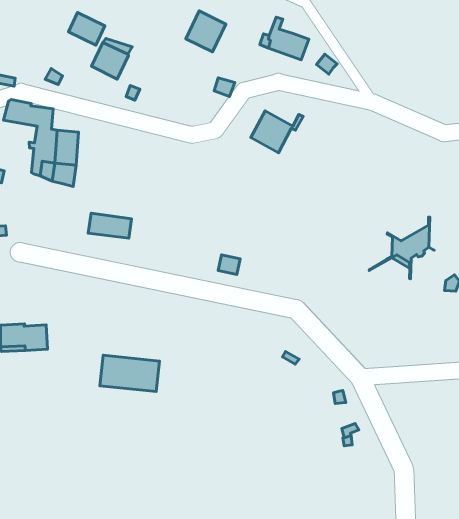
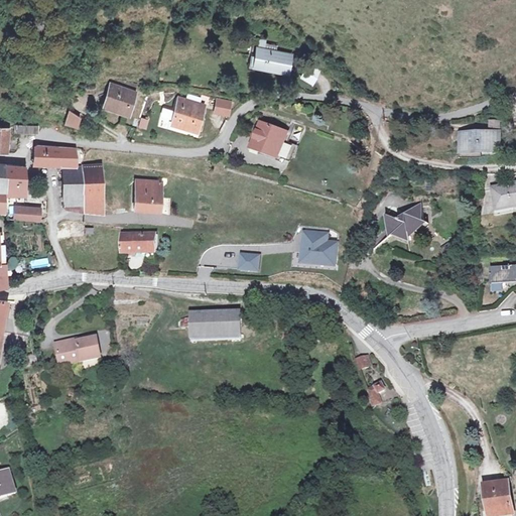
building: [186,11,226,52] -> [170,97,204,131]
building: [69,13,105,45] -> none
building: none -> [133,178,161,210]
building: none -> [301,231,337,265]
building: [100,355,159,392] -> [189,311,241,341]

